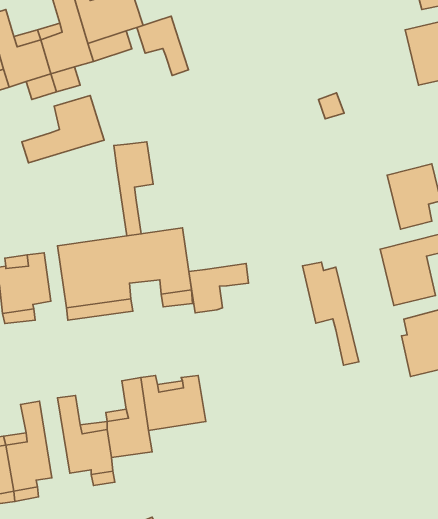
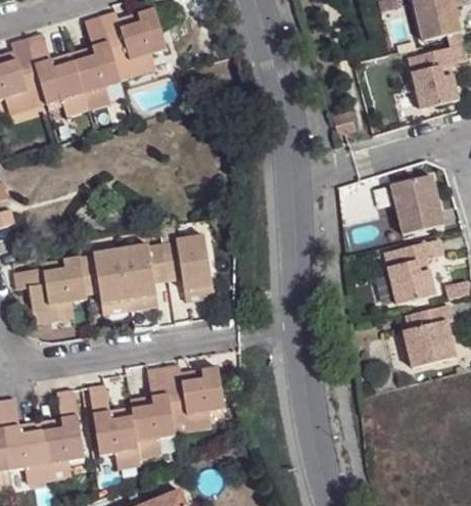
building: [137,16,188,75] -> none
building: [22,95,104,163] -> none
building: [114,142,153,236] -> none
building: [302,262,359,365] -> none
building: [189,263,249,313] -> none

